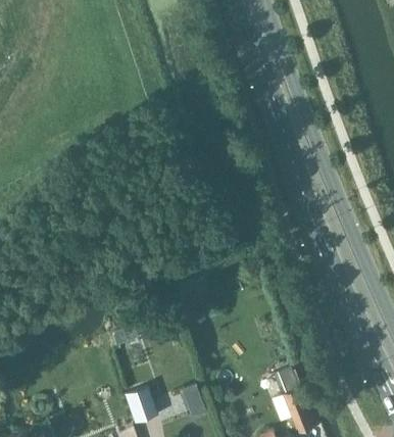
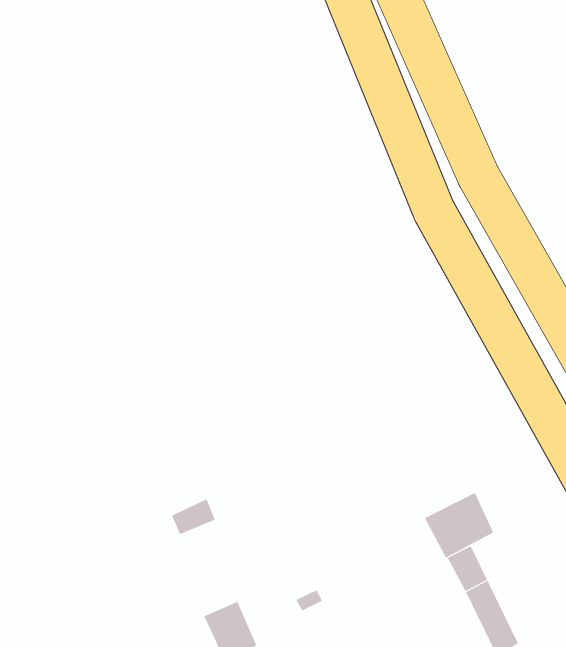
building: none -> [424,492,494,558]

